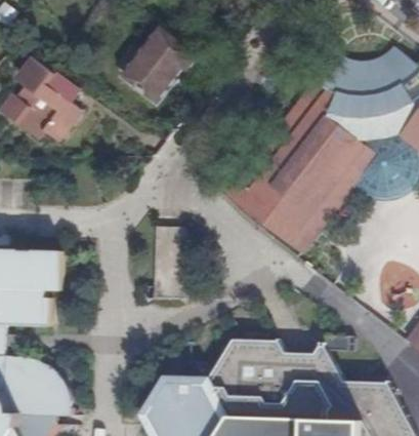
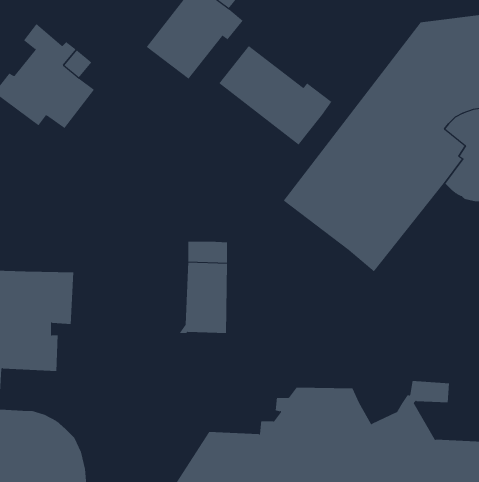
building: none -> [218,45,332,146]

